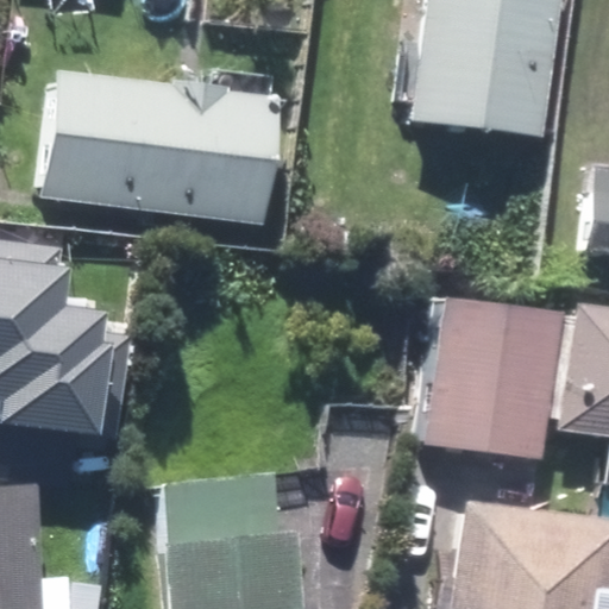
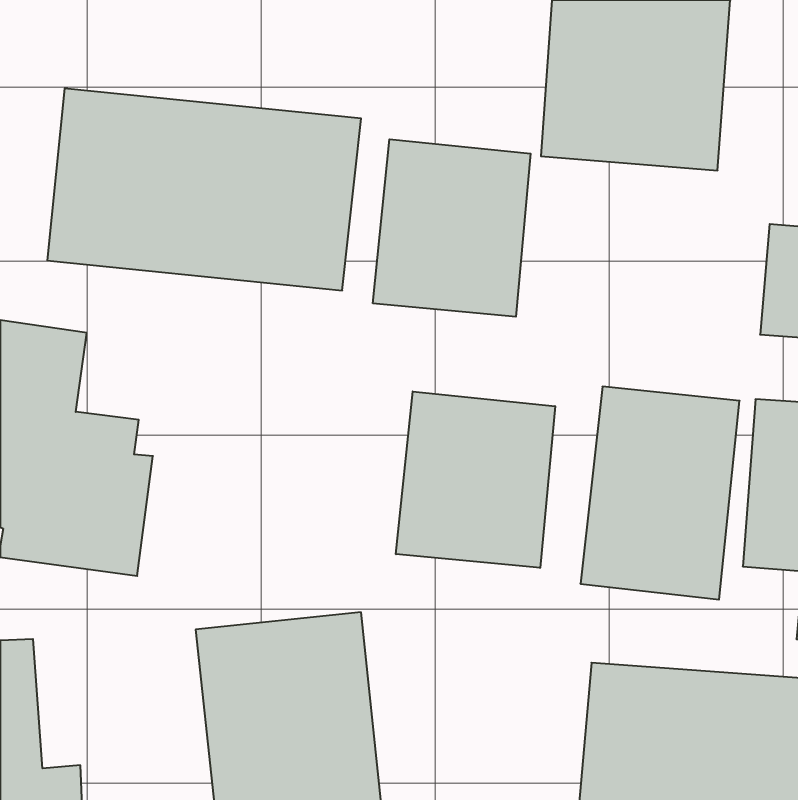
building: none -> [373,139,531,317]
building: none -> [396,391,555,568]

